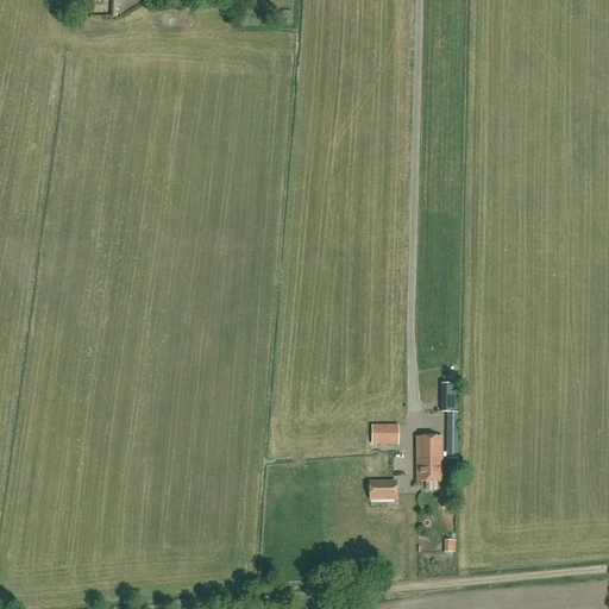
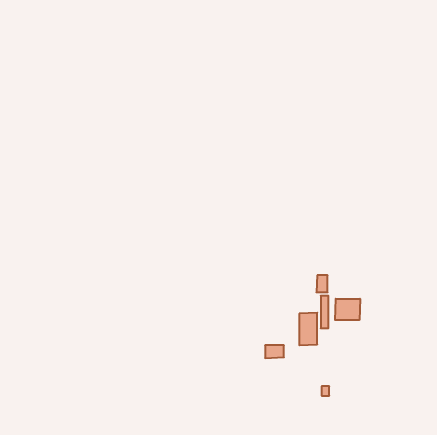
building: none -> [335,299,360,320]
building: [371,423,397,444] -> none

